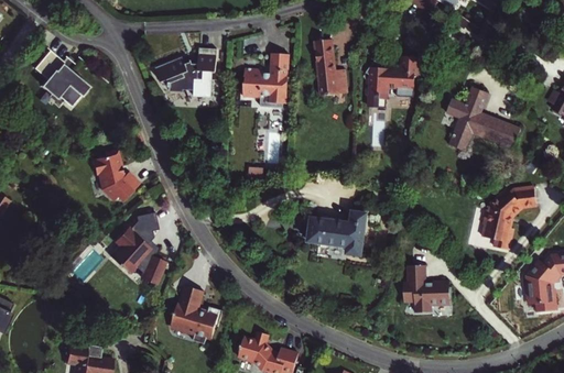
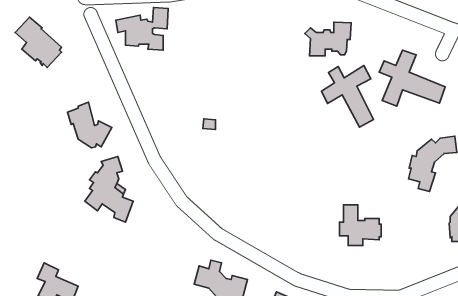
building: [314,40,345,95] -> none
building: [242,51,288,102] -> none
building: none -> [321,66,374,127]
building: [308,212,366,255] -> none
building: [170,287,220,344] -> none

